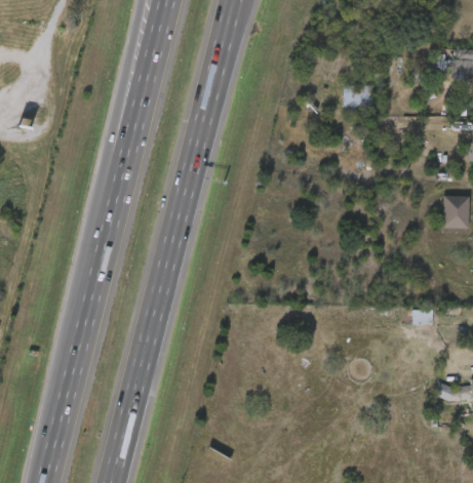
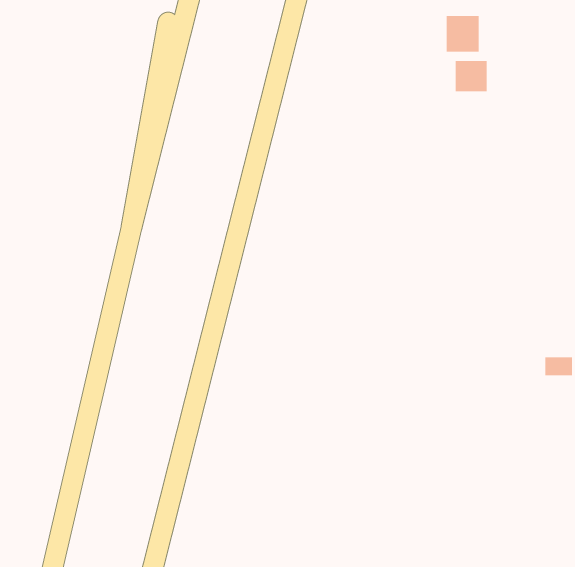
building: none -> [446,15,479,53]

